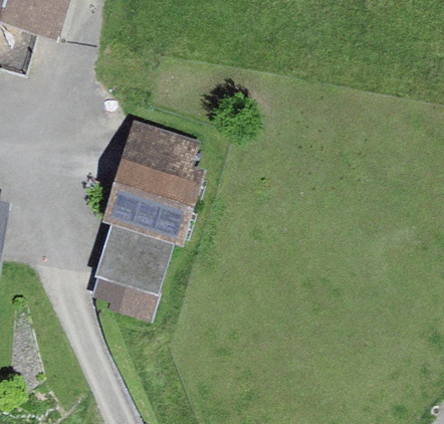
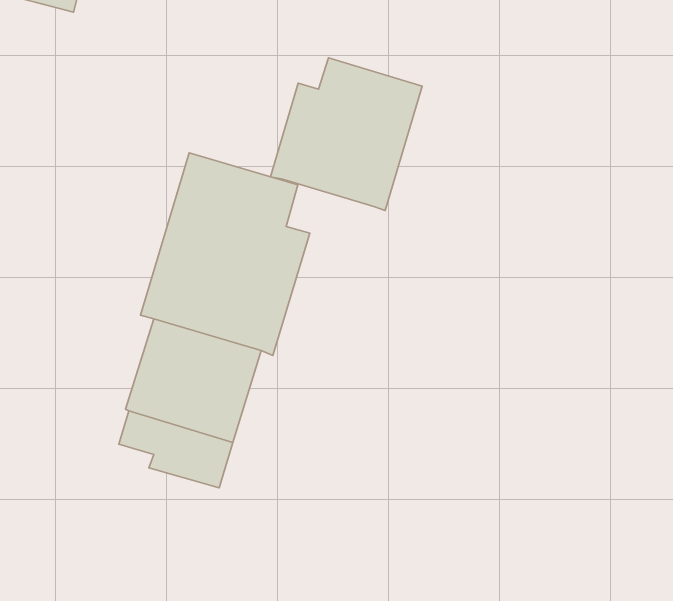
building: none -> [271,58,422,210]

